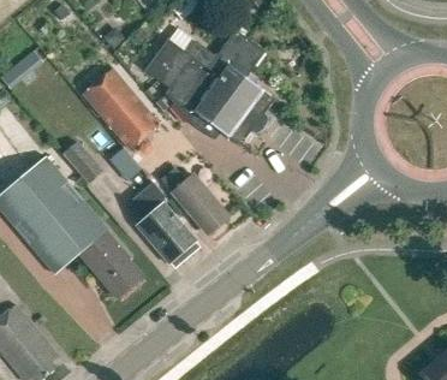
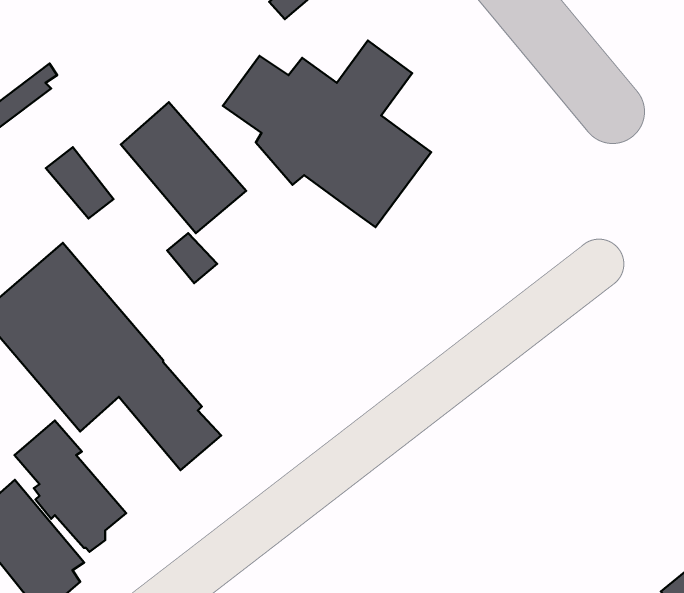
building: [61,142,103,186] -> [46,147,113,218]
building: [162,168,227,233] -> none
building: [126,183,196,265] -> [14,421,126,552]

